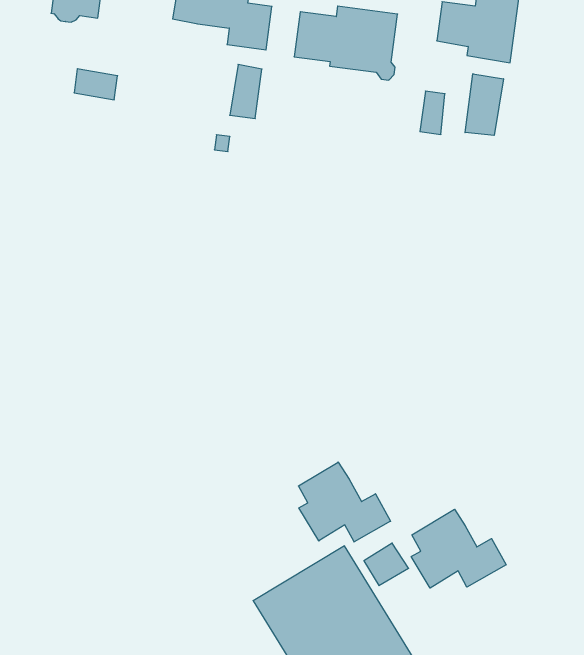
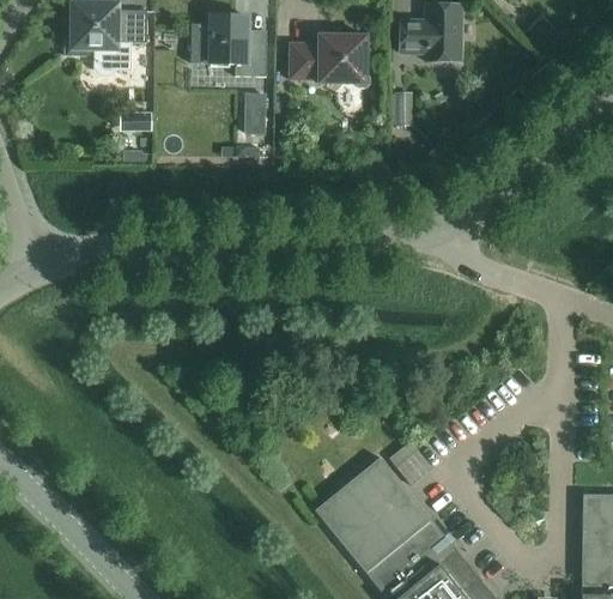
building: [465,74,503,135] -> none
building: [298,462,391,542] -> none
building: [411,509,506,588] -> none

